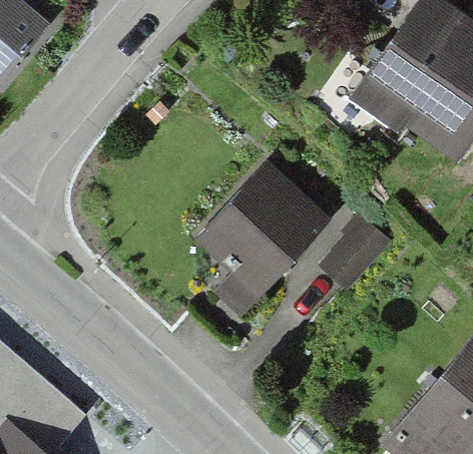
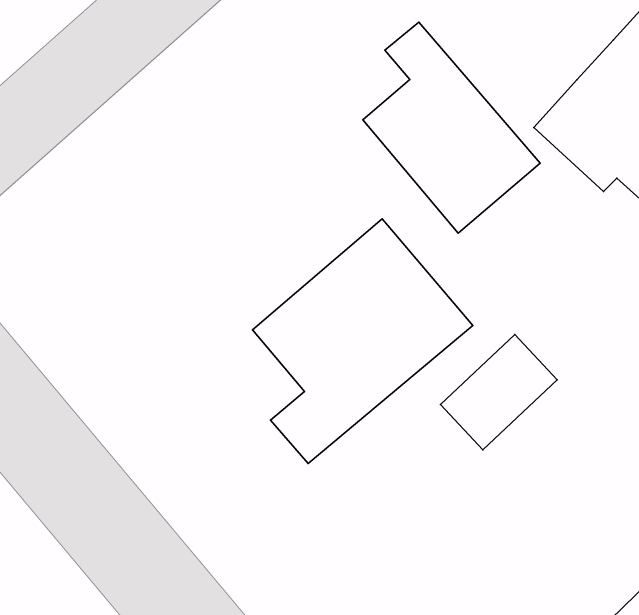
building: none -> [363,22,540,233]

